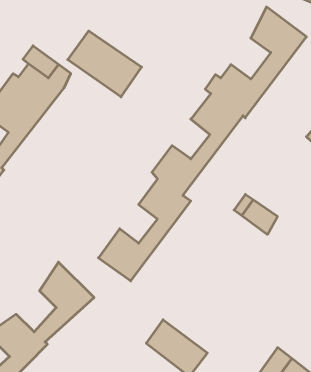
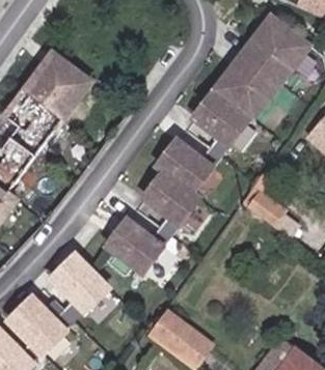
building: [68,31,142,97] -> none

